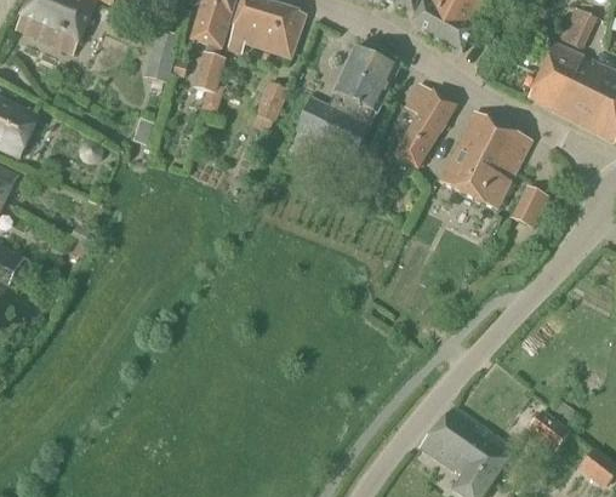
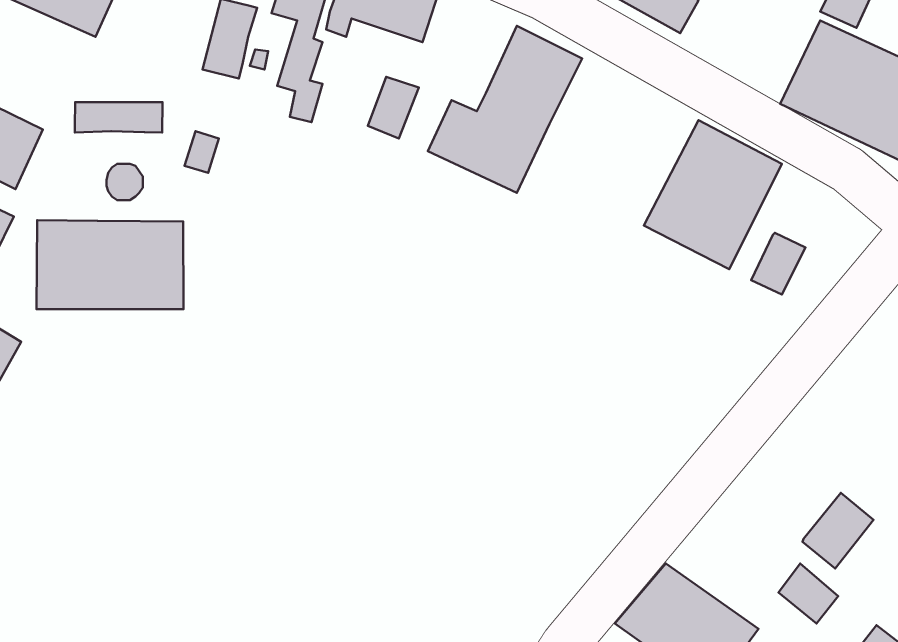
building: [394,81,457,167] -> none
building: none -> [75,102,163,132]
building: none -> [37,220,184,309]
building: none -> [803,493,873,569]

